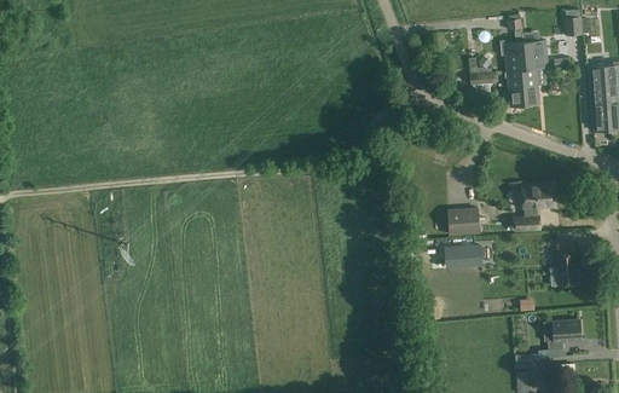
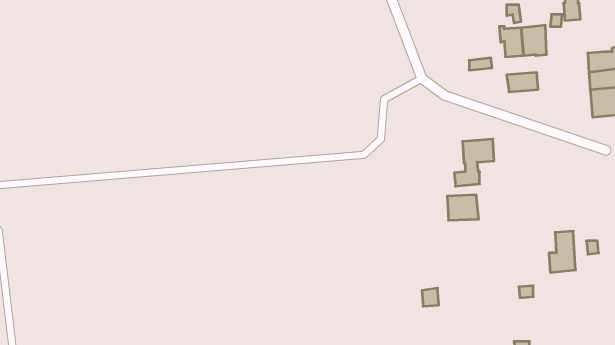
building: [507,68,538,88] -> none
building: [514,183,554,230] -> [454,139,494,186]
building: [447,245,484,266] -> none
building: [548,319,582,348] -> none

